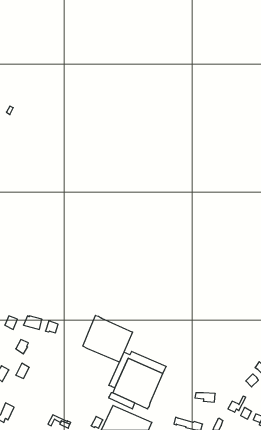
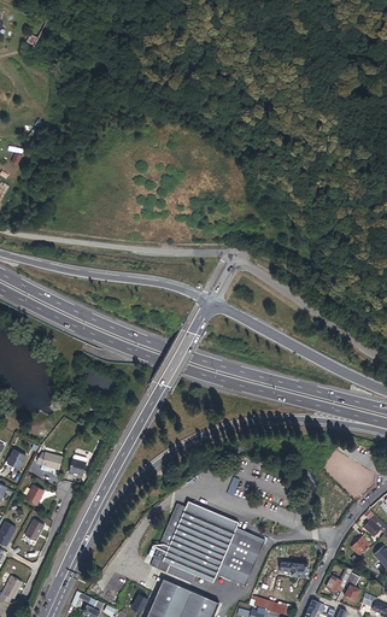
building: [83,315,133,362] -> none
building: none -> [216,533,265,589]

